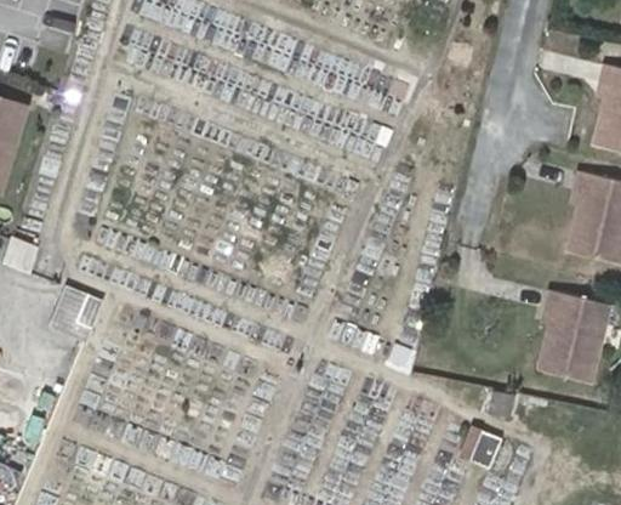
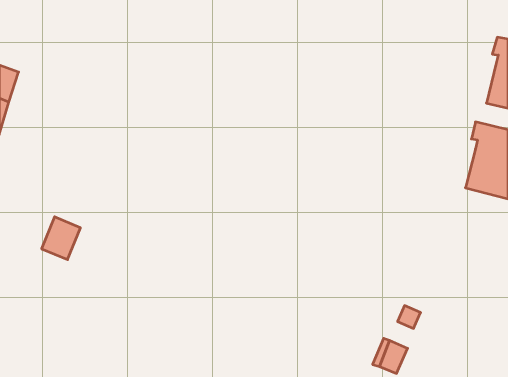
building: [539,289,610,381] -> none

